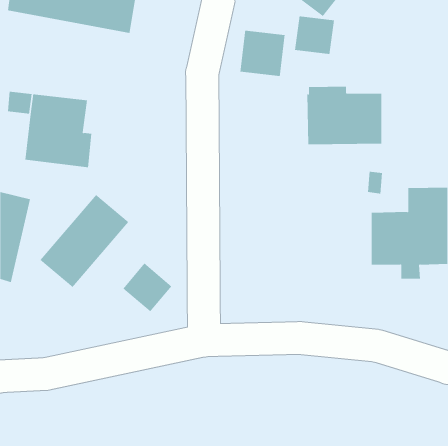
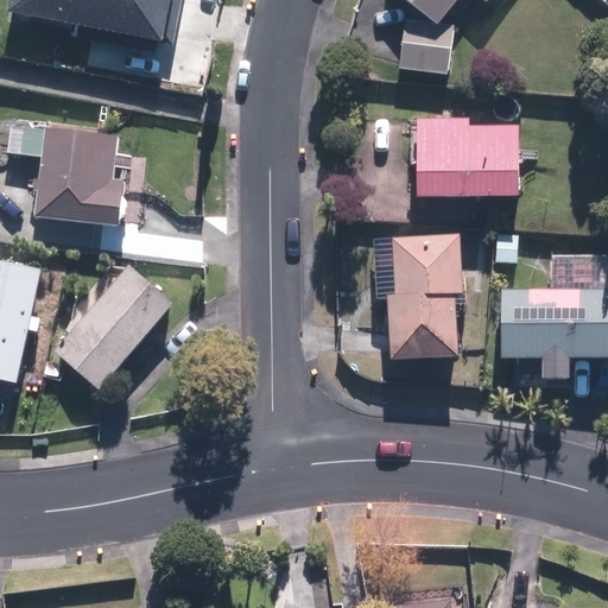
building: [240,30,285,77] -> none
building: none -> [387,233,462,359]
building: [122,262,172,312] -> none

